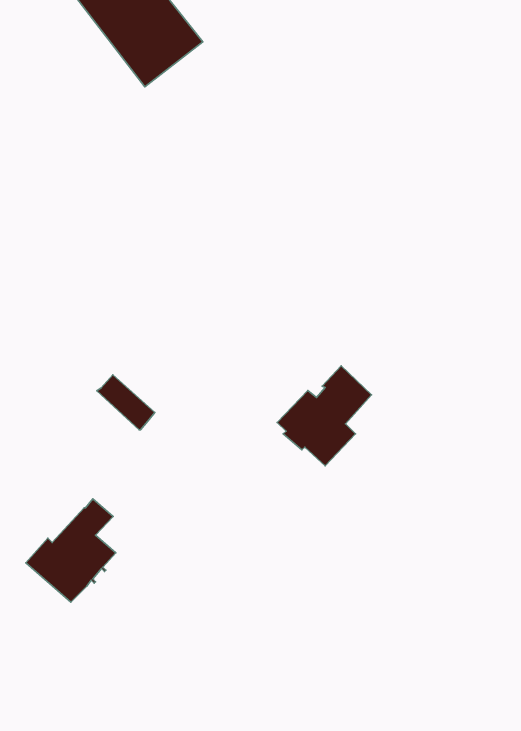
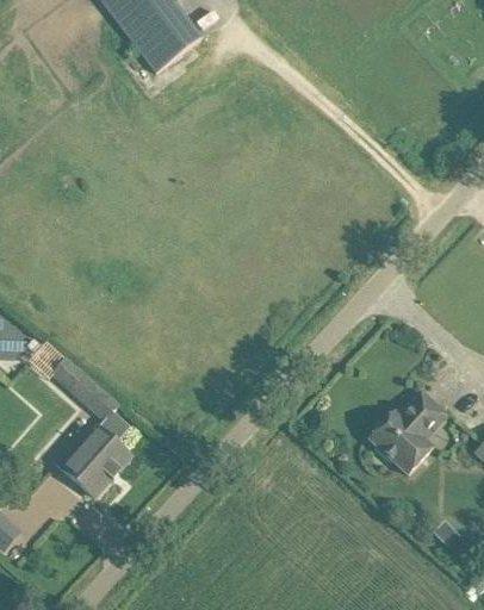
building: [277,366,372,466] -> [368,391,446,473]
building: [97,375,155,430] -> [70,373,118,418]

